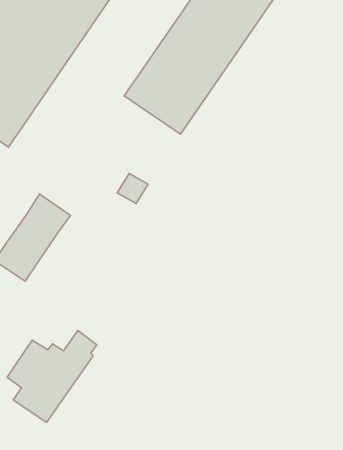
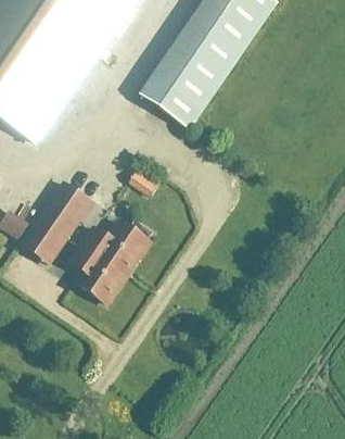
building: [7,331,97,423] -> [72,218,153,302]

